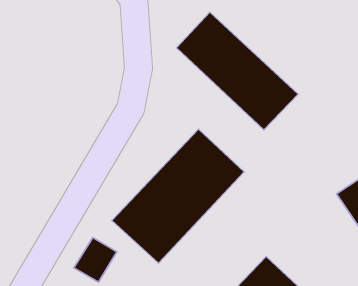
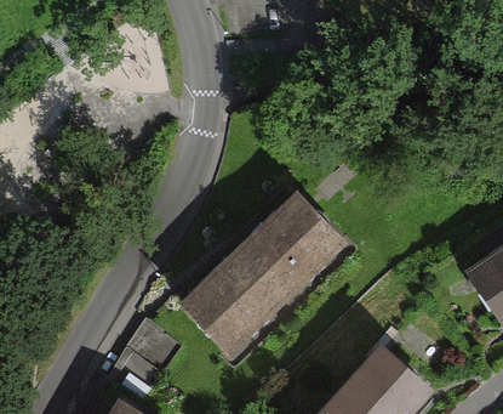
building: [176,12,298,130] -> none

